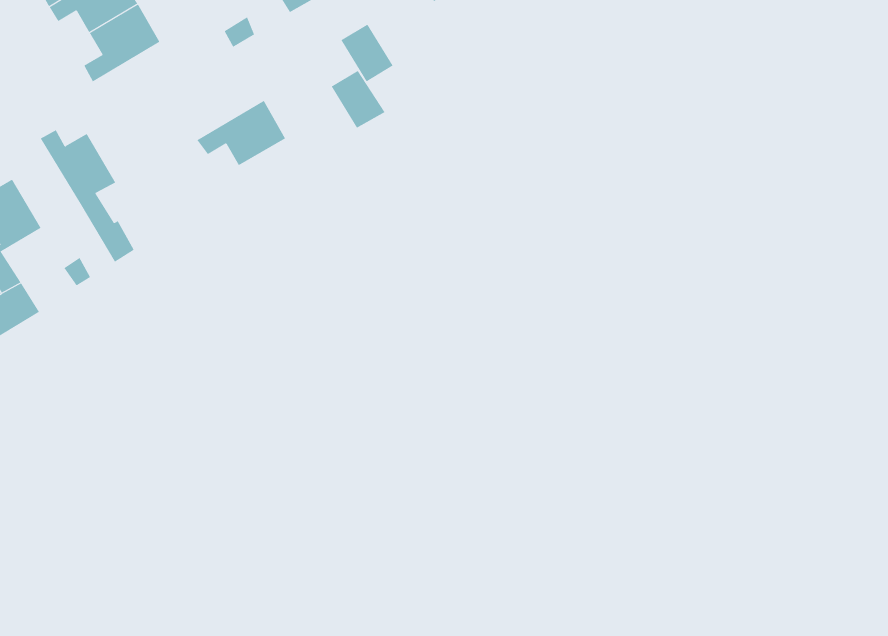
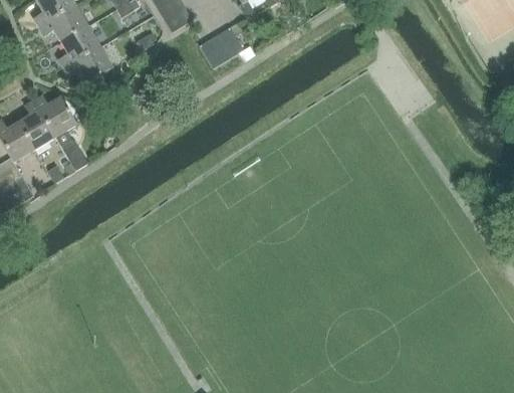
building: [331,70,386,128] -> [215,26,245,58]
building: [197,100,286,166] -> [63,45,112,81]
building: none -> [19,99,56,148]

